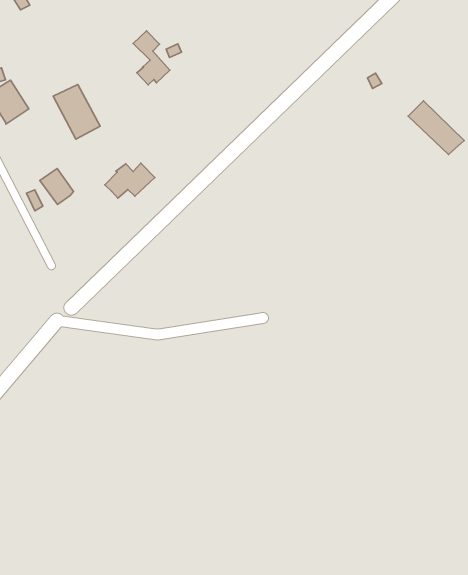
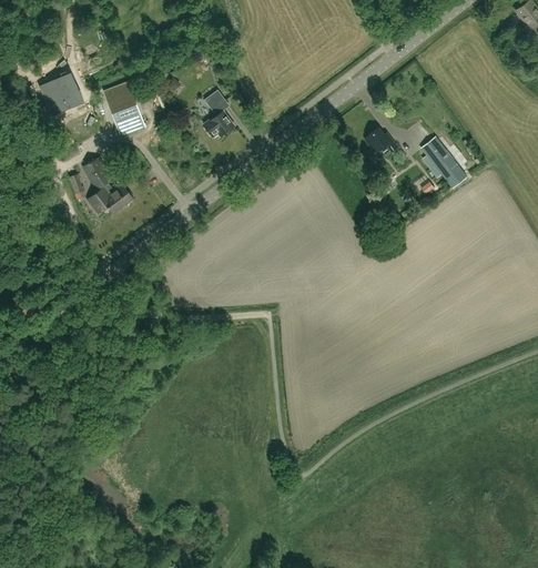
building: [133,31,170,85] -> [204,89,234,138]
building: none -> [365,128,397,158]
building: [105,163,155,198] -> [88,183,133,213]

